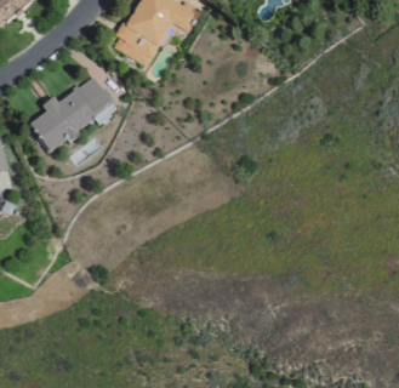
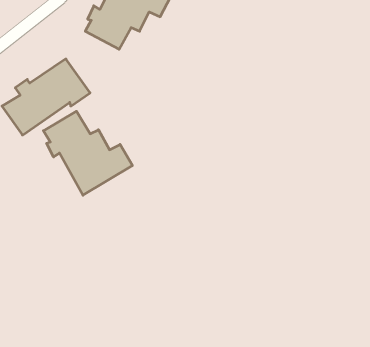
building: none -> [43,111,132,195]

